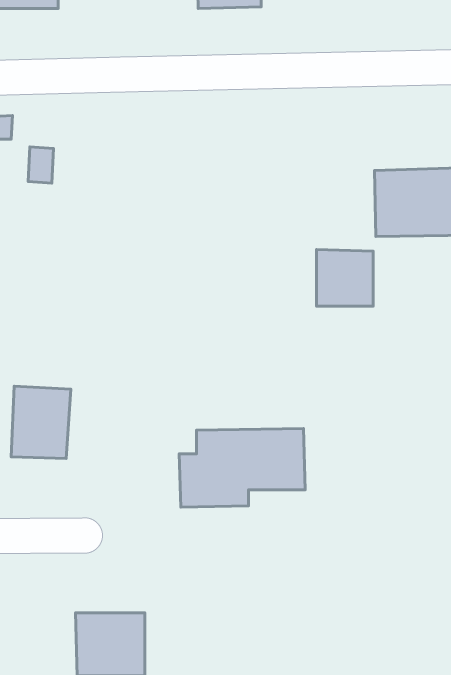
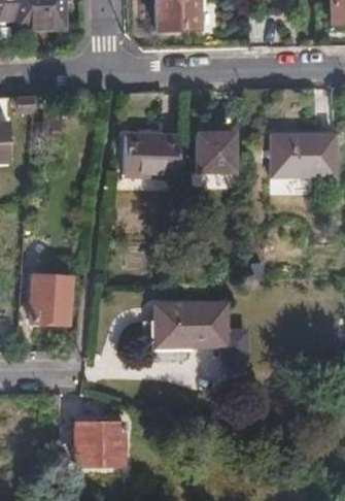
building: none -> [124,133,180,175]
building: [316,250,373,306] -> [198,132,235,169]

